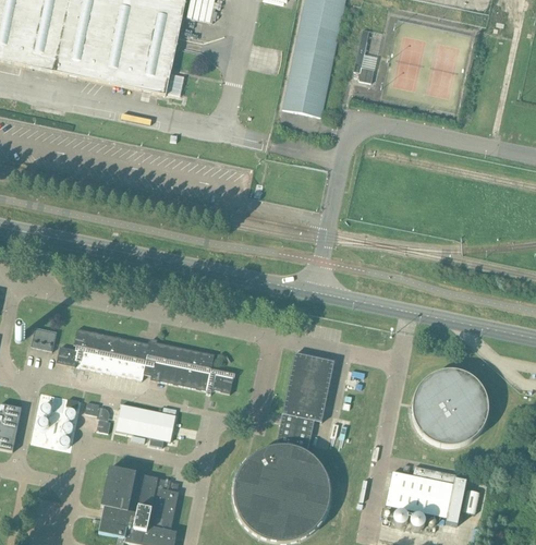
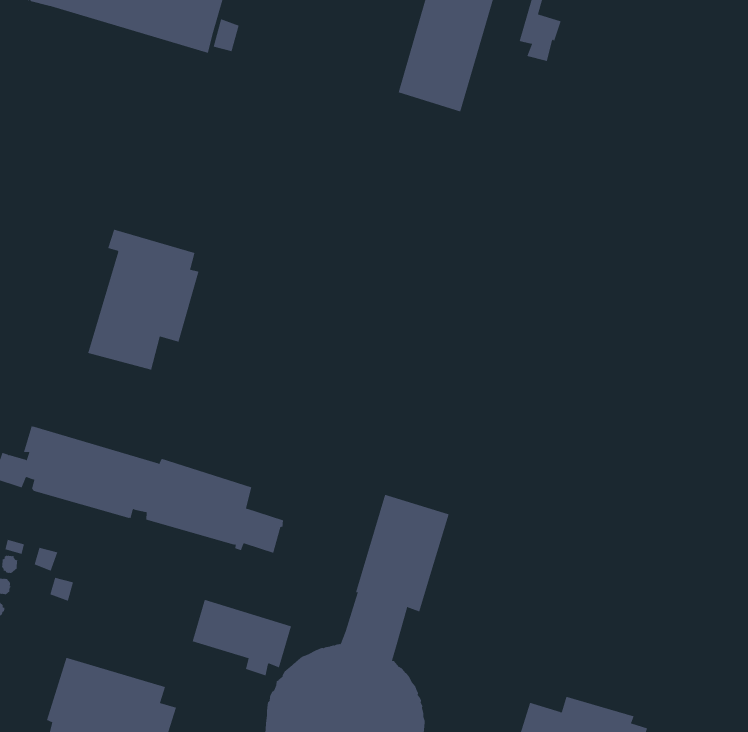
building: none -> [88,229,199,370]
building: [412,370,488,446] -> none
building: [115,402,175,446] -> [192,599,292,676]

